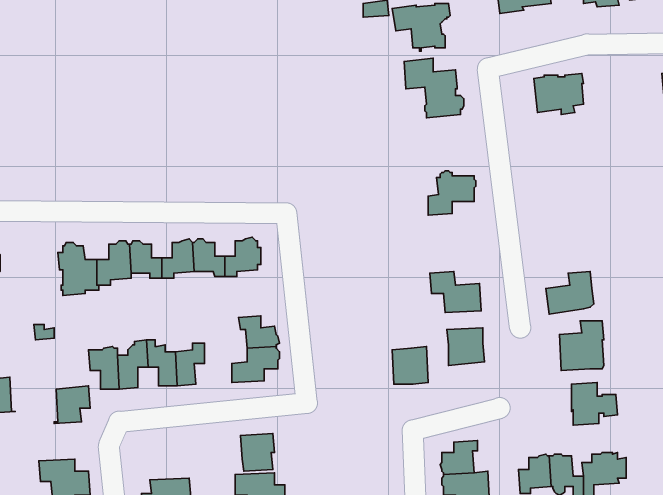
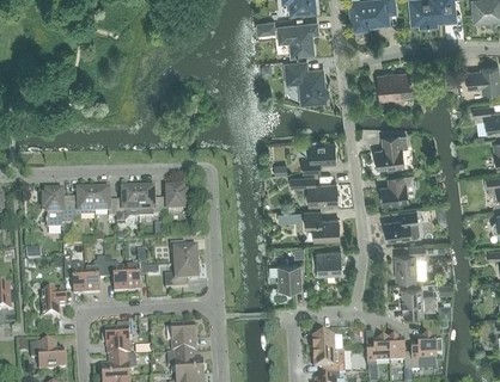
building: none -> [374,134,407,167]
building: none -> [379,173,413,202]
building: none -> [289,174,339,204]
building: none -> [100,321,130,352]

